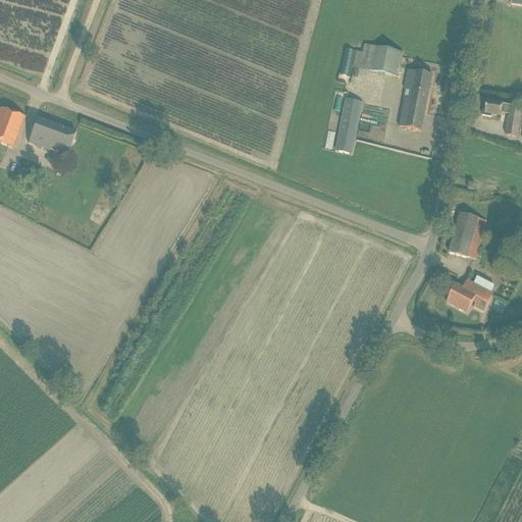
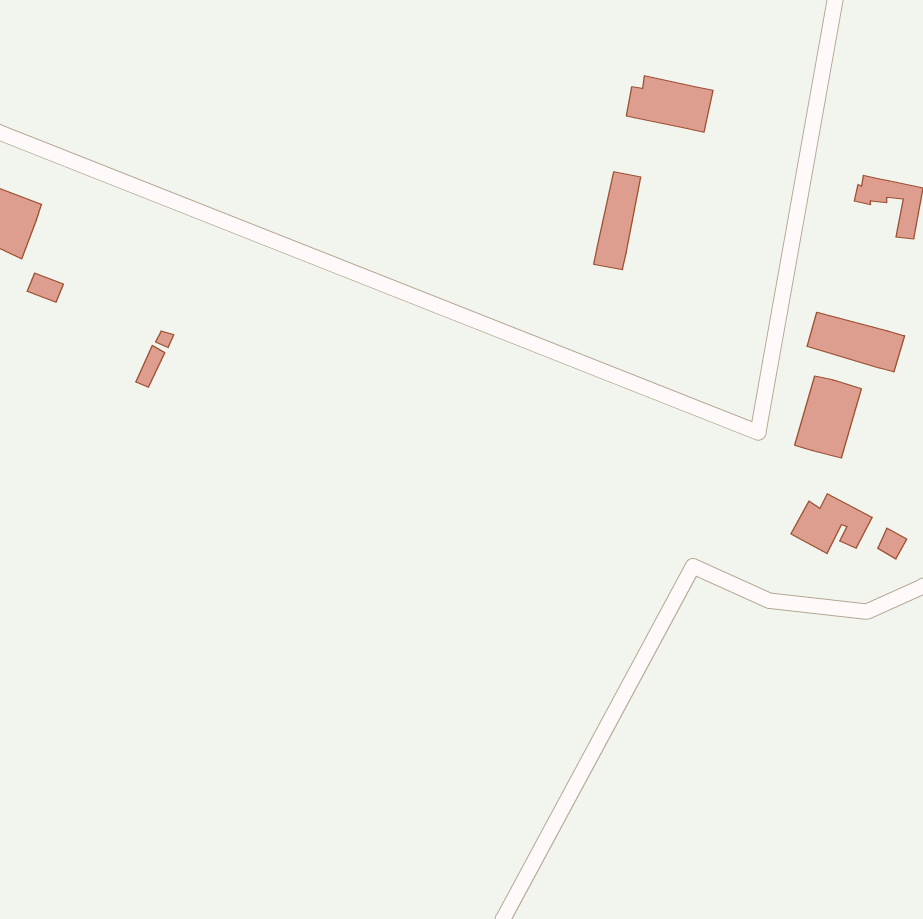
building: [398,68,431,128] -> none
building: [27,115,75,155] -> none
building: none -> [807,312,905,372]

